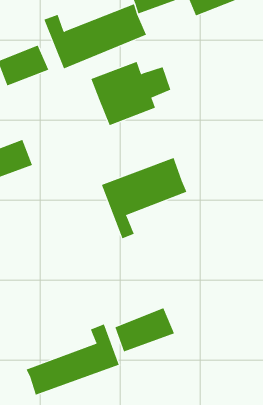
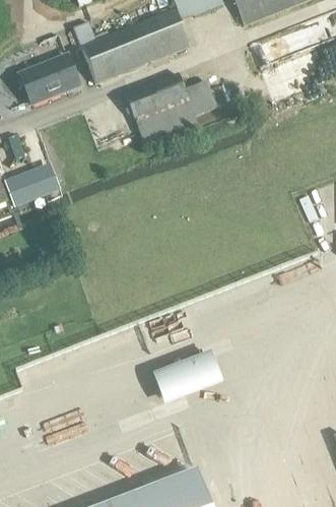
building: [101,157,187,239] -> none
building: [26,324,120,395] -> none

